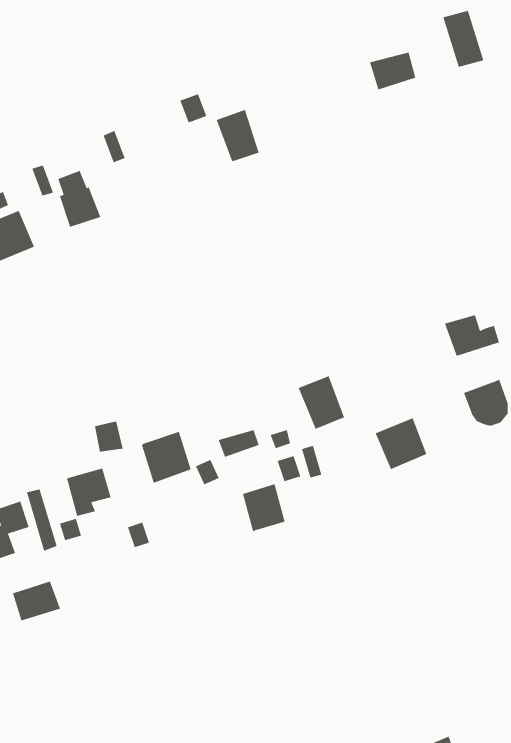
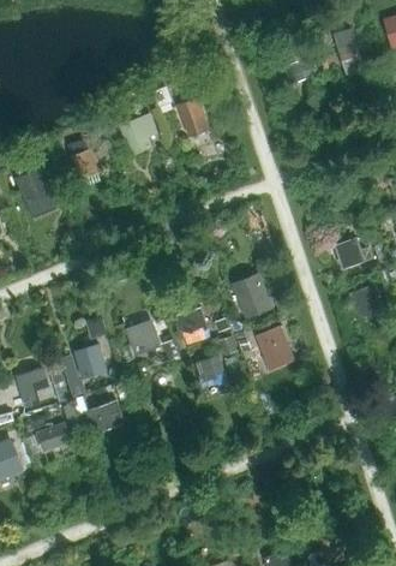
building: none -> [119,114,157,145]
building: [375,417,427,470] -> [254,326,290,362]
building: none -> [83,400,125,434]

